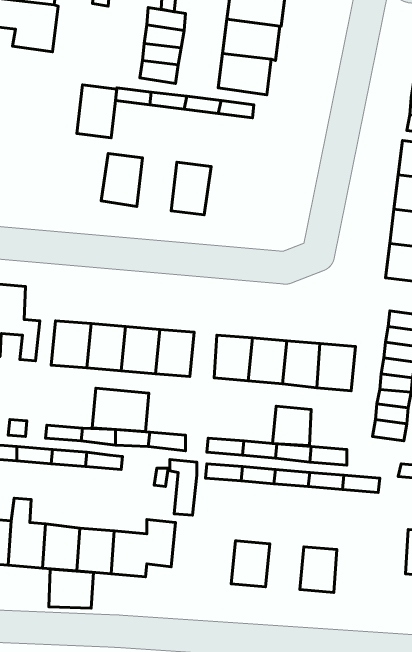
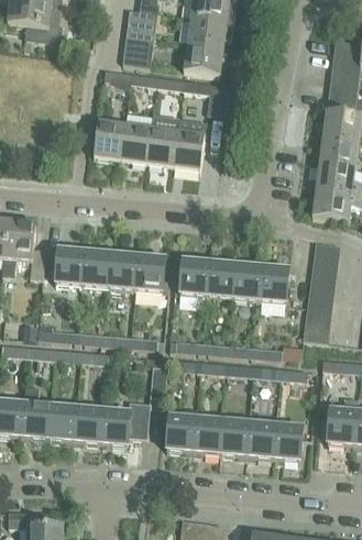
building: [77,85,117,138] -> [121,123,152,164]
building: none -> [173,118,207,170]
building: [92,388,149,432] -> none
building: [273,406,311,446] -> none
building: none -> [167,408,198,451]
building: none -> [220,420,250,455]
building: none -> [273,425,303,461]
building: [49,569,94,608] -> none

